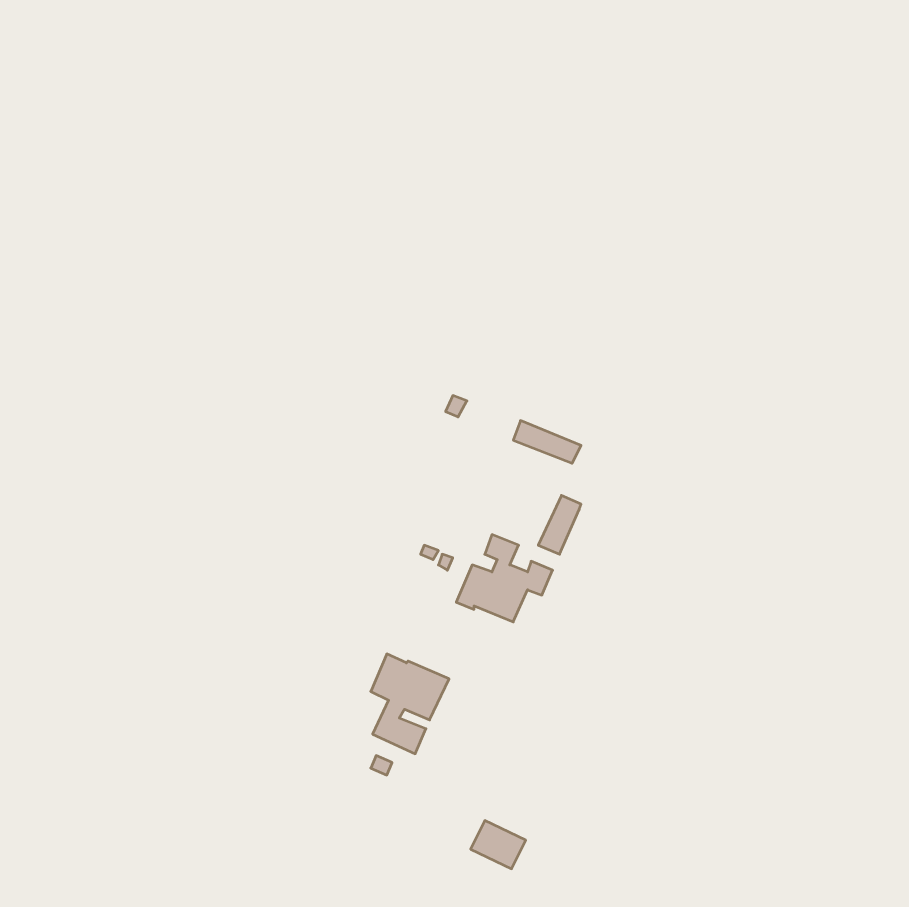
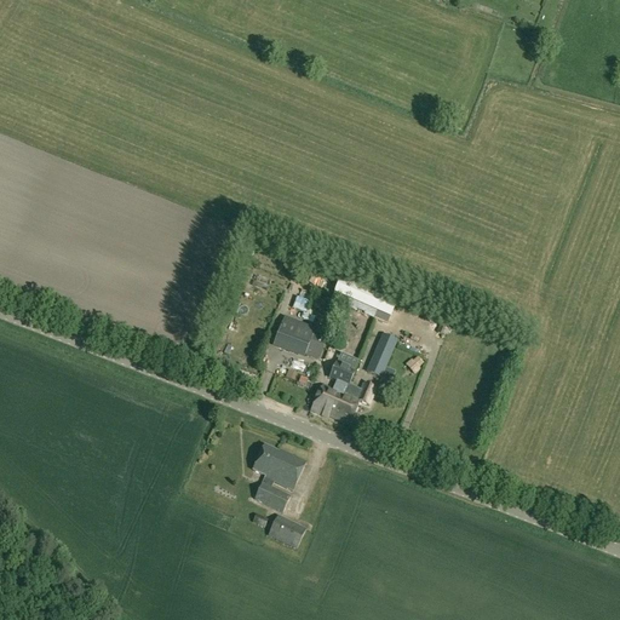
building: none -> [275,316,327,357]
building: [471,821,526,869] -> [268,515,305,547]

